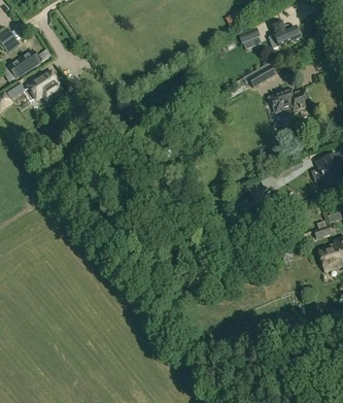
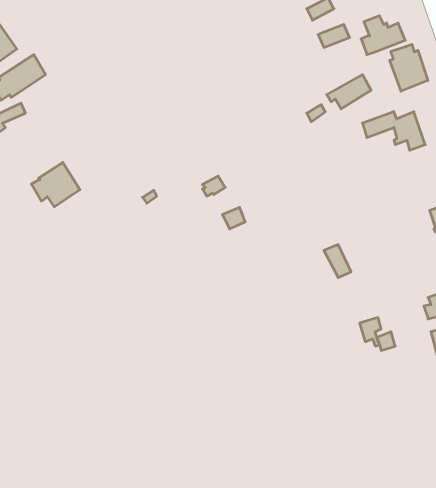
building: none -> [390,44,428,91]
building: [30,71,65,103] -> [31,162,80,207]

